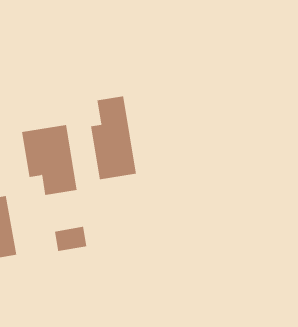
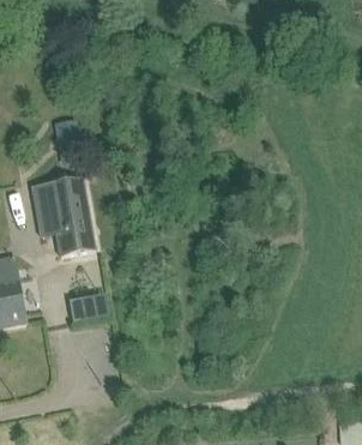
building: [91,96,136,180] -> none

